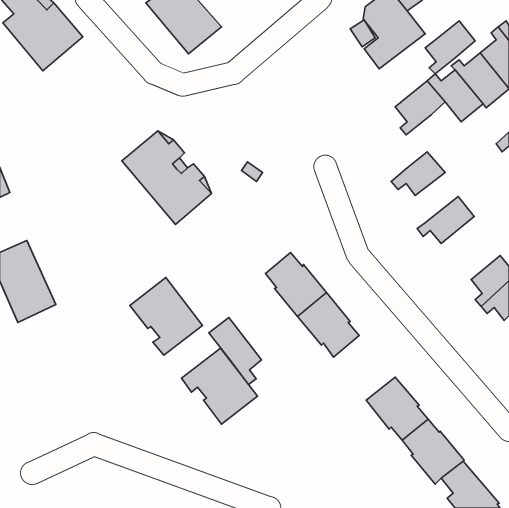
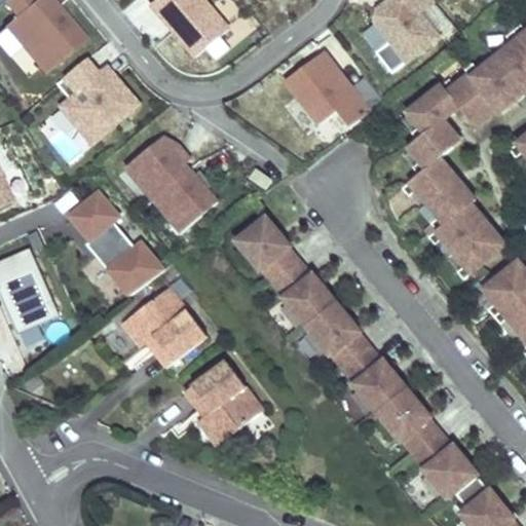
building: [425,21,475,74] -> [409,118,460,173]
building: none -> [284,49,369,126]
building: none -> [55,58,138,141]
building: none -> [427,178,476,230]
building: none -> [69,190,163,295]
building: none -> [236,216,299,281]
building: none -> [454,223,505,278]
building: [209,317,262,384] -> none
building: none -> [343,345,407,412]

